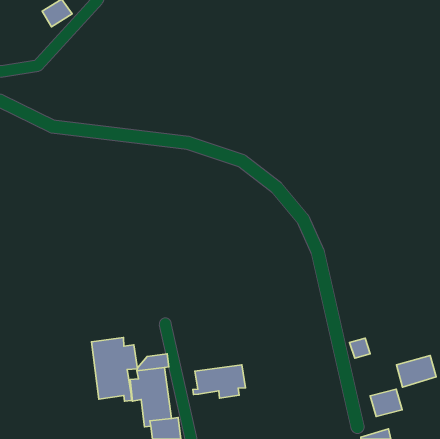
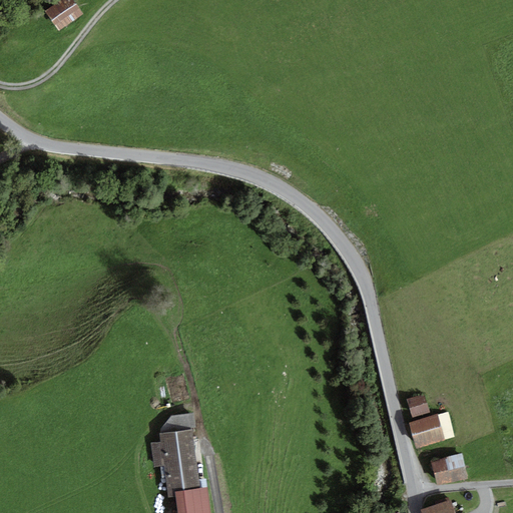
building: [92,337,137,401] -> none
building: [397,355,436,387] -> [409,411,455,448]
building: [193,365,245,398] -> none

